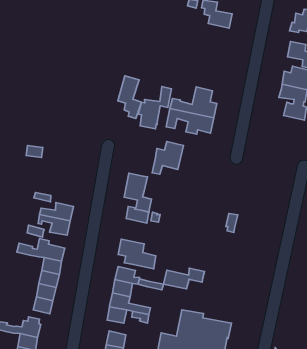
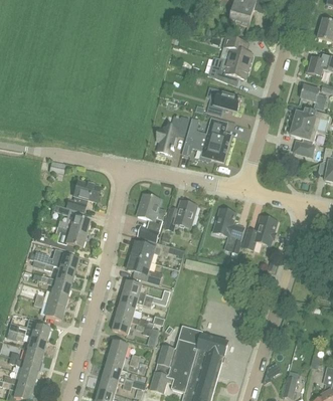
building: none -> [213,59,247,81]
building: none -> [206,89,241,115]
building: [118,76,141,118] -> none
building: [152,141,183,174] -> [165,200,196,230]
building: none -> [65,179,99,210]
building: none -> [212,207,243,237]
building: none -> [242,215,277,248]
building: [164,268,205,289] -> [131,241,170,260]

